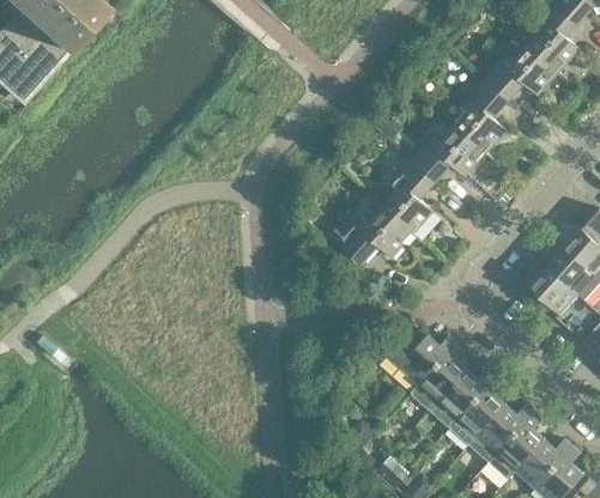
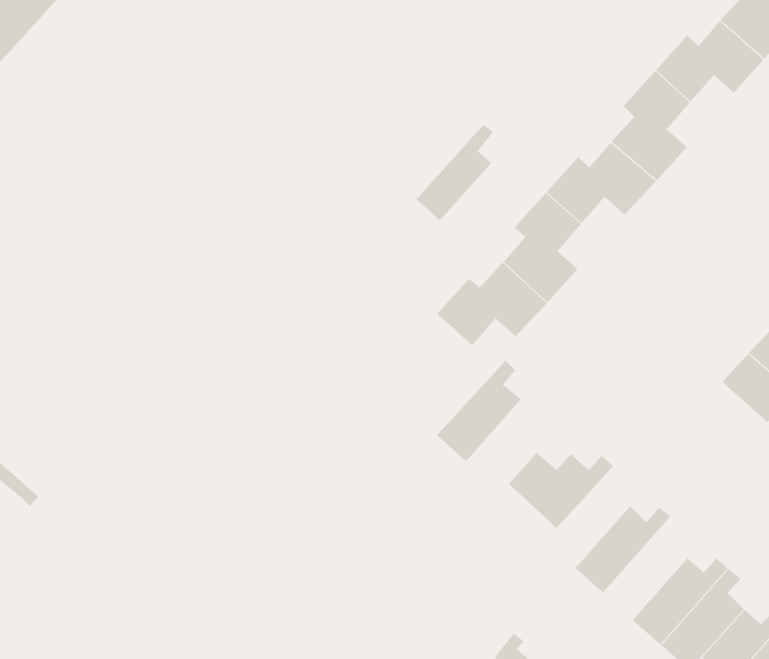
building: none -> [416,124,494,221]
building: [411,344,468,412] -> [436,360,522,462]
building: [450,377,507,447] -> none

